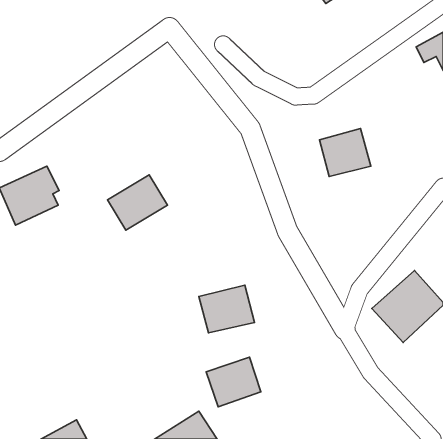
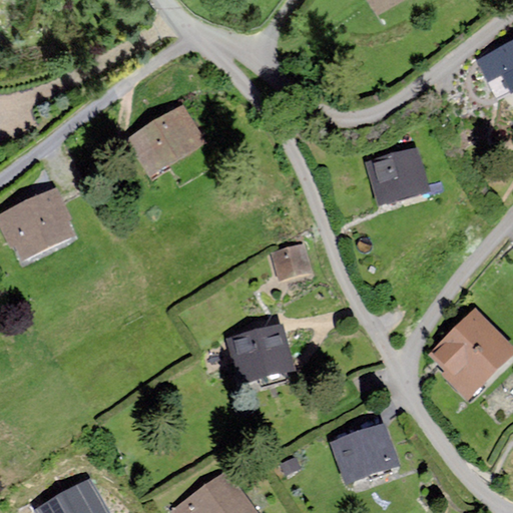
building: [107,175,167,230] -> [131,108,200,172]
building: none -> [273,236,310,273]
building: [206,357,261,407] -> [334,427,397,484]

